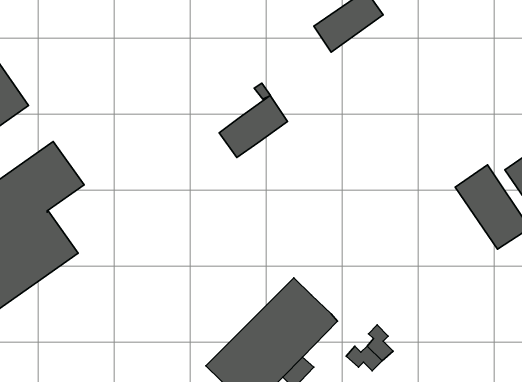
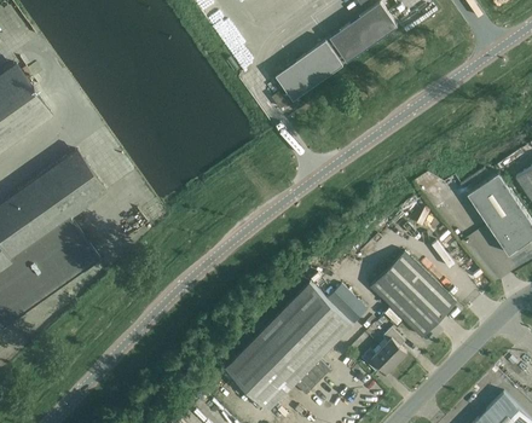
building: [219,96,288,158] -> [276,40,342,100]
building: none -> [370,253,456,337]
building: none -> [326,284,360,318]

